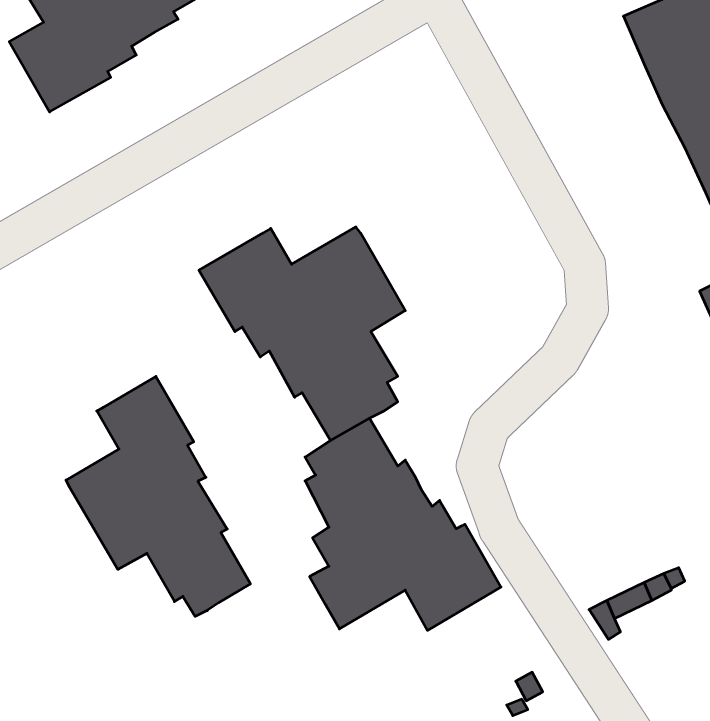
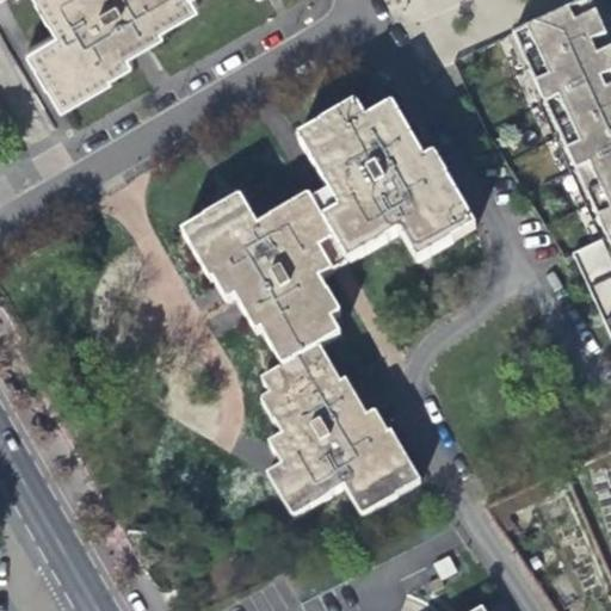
building: none -> [296,101,471,259]
building: [66,376,250,616] -> none

